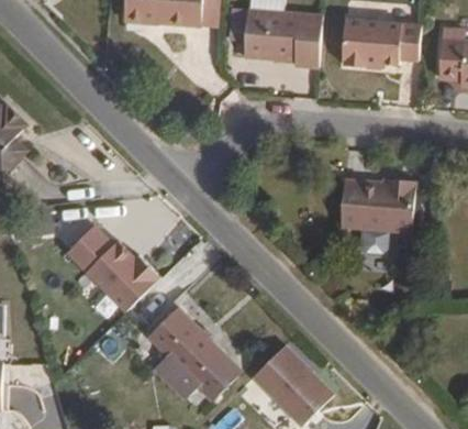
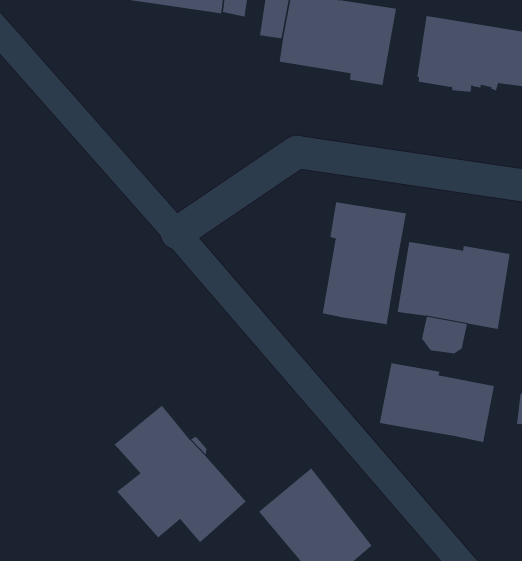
building: none -> [322,202,406,325]
building: [66,223,161,311] -> none
building: none -> [379,362,495,443]

